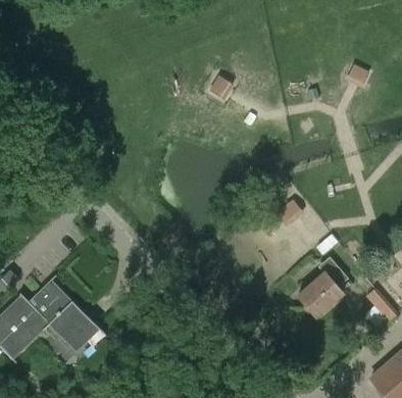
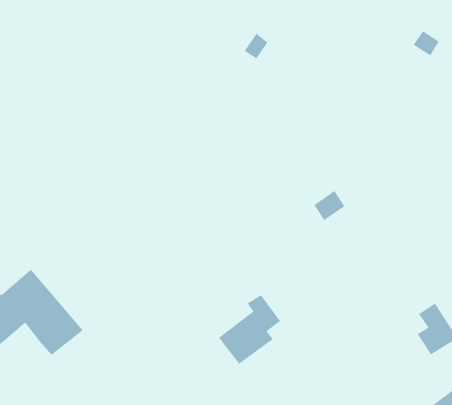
building: [297,260,347,318] -> [218,294,281,365]

